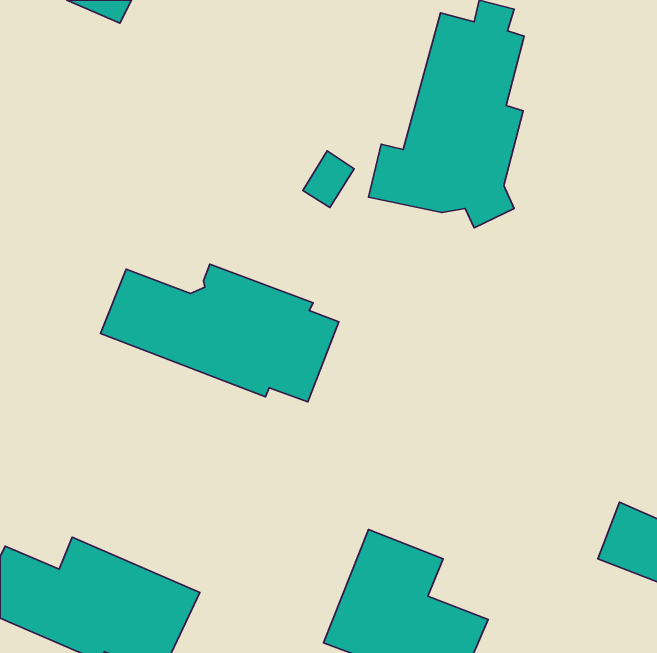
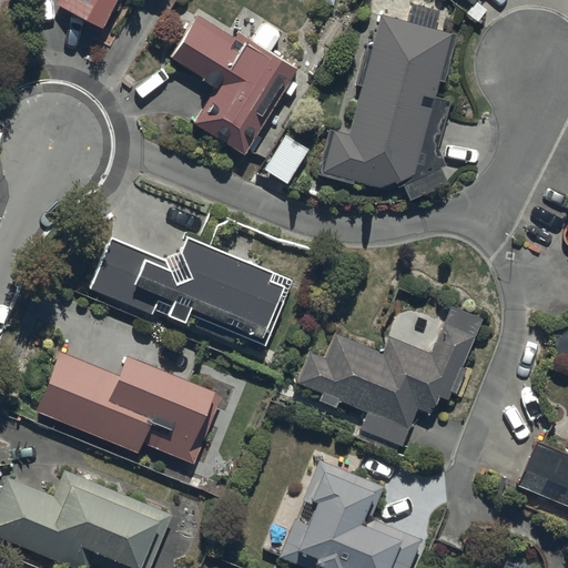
building: none -> [173,16,298,158]
building: none -> [298,306,481,448]
building: none -> [34,349,220,464]

